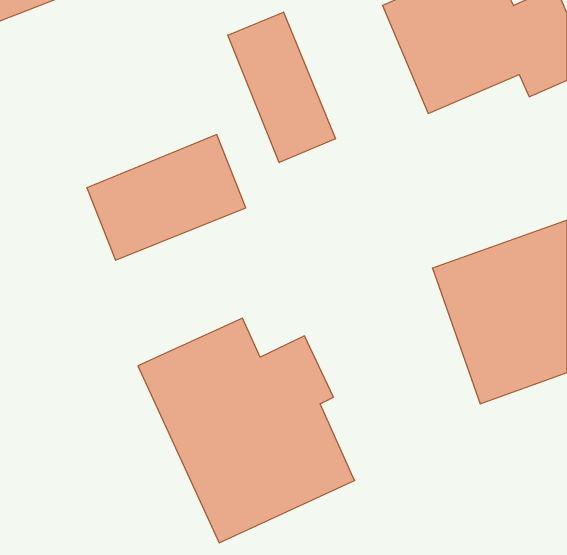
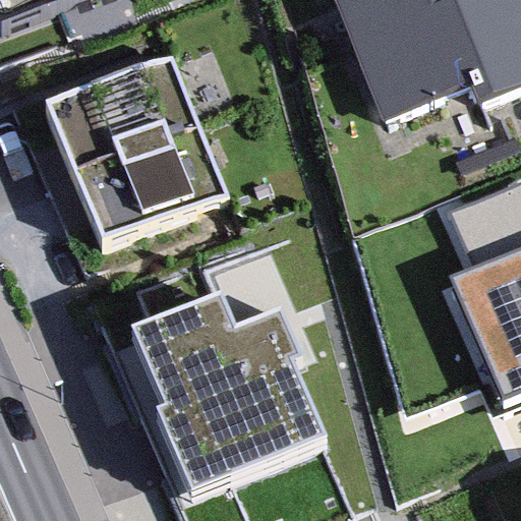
building: [228,12,335,163] -> none
building: none -> [52,57,198,172]

